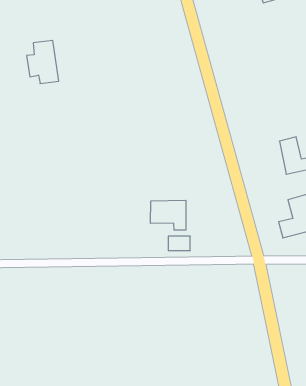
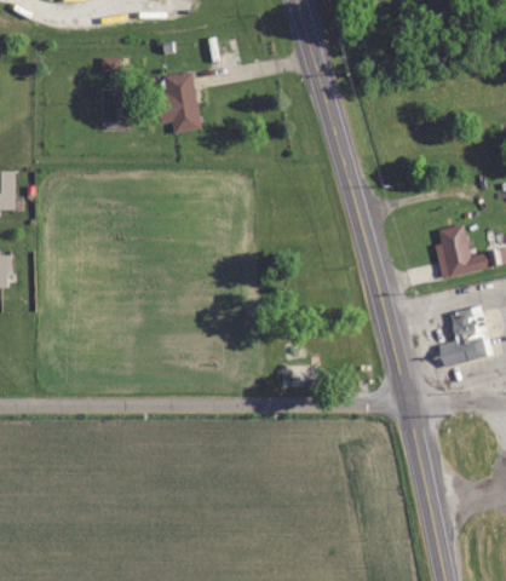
building: [27,40,59,84] -> [155,70,201,132]
building: [150,200,186,230] -> none

